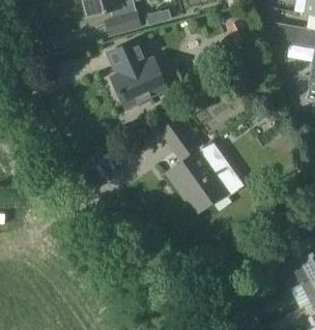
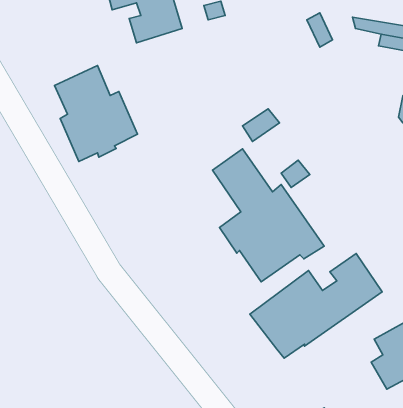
building: [108,38,168,108] -> [55,66,138,161]
building: none -> [250,253,382,358]

